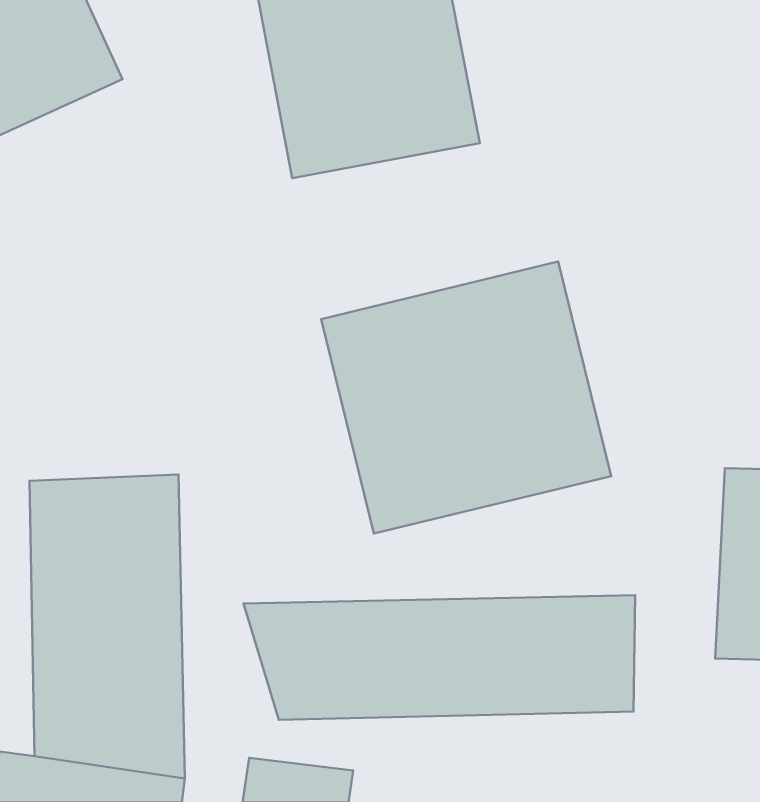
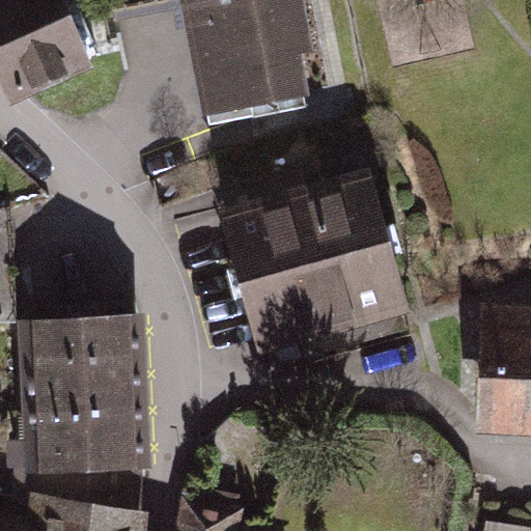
building: [243,595,635,720] -> none

